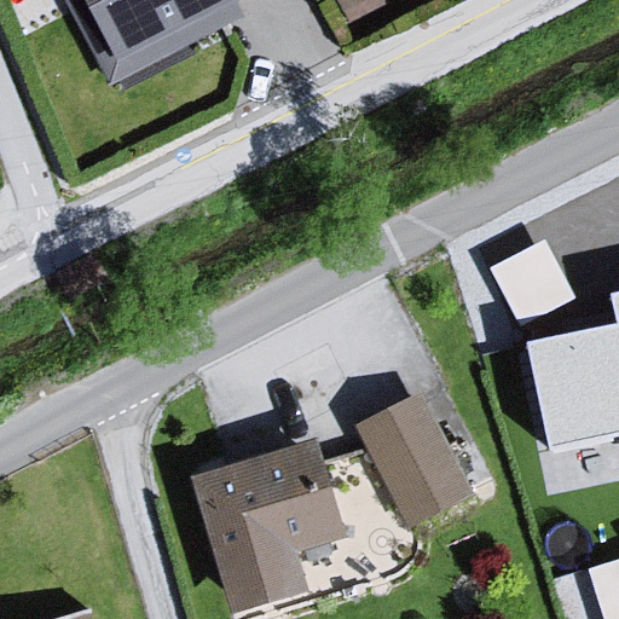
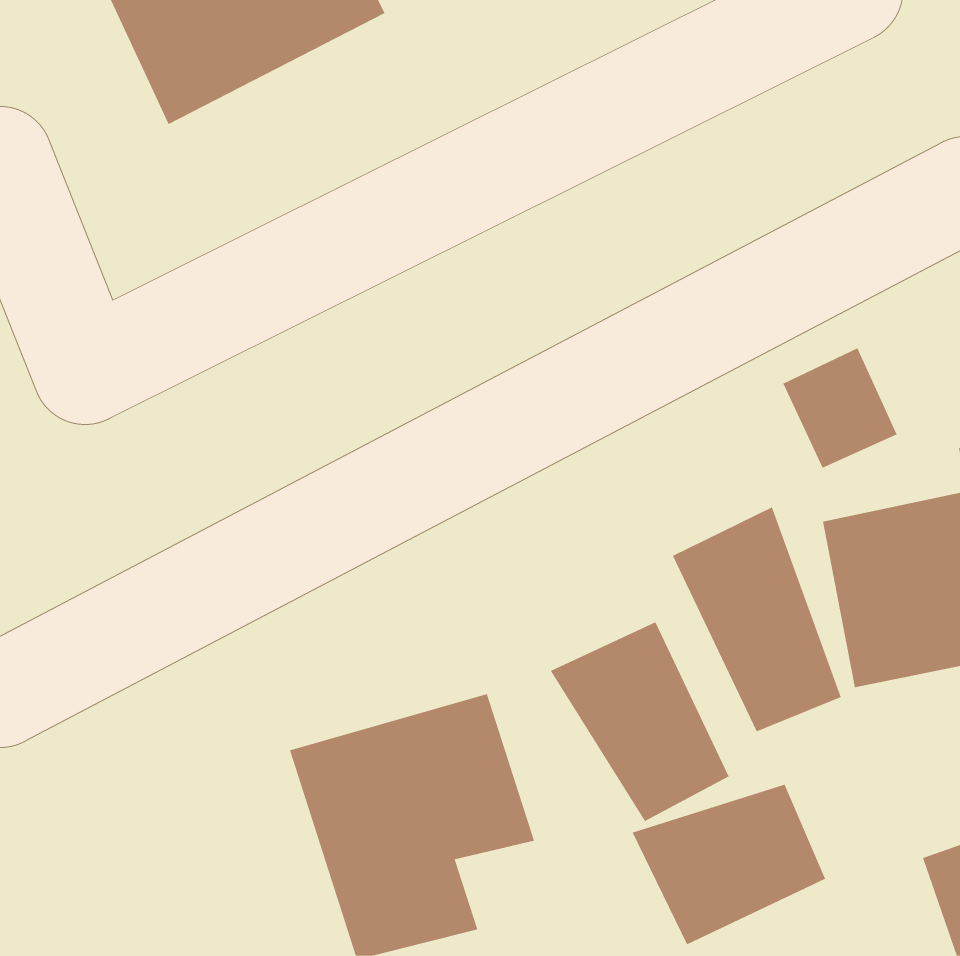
building: none -> [672,506,841,732]
building: none -> [632,784,826,945]

